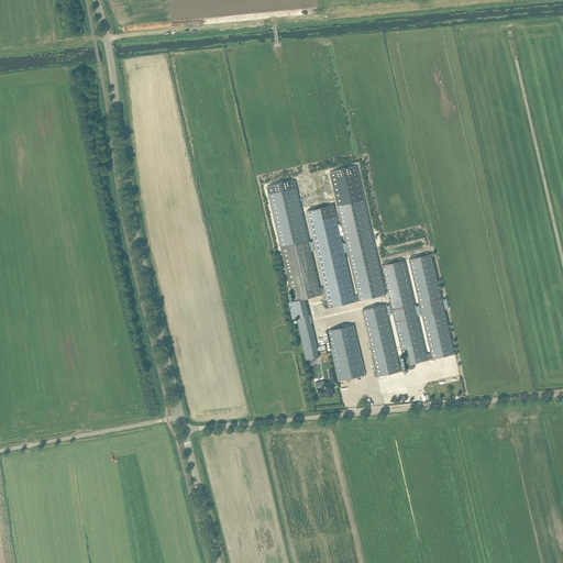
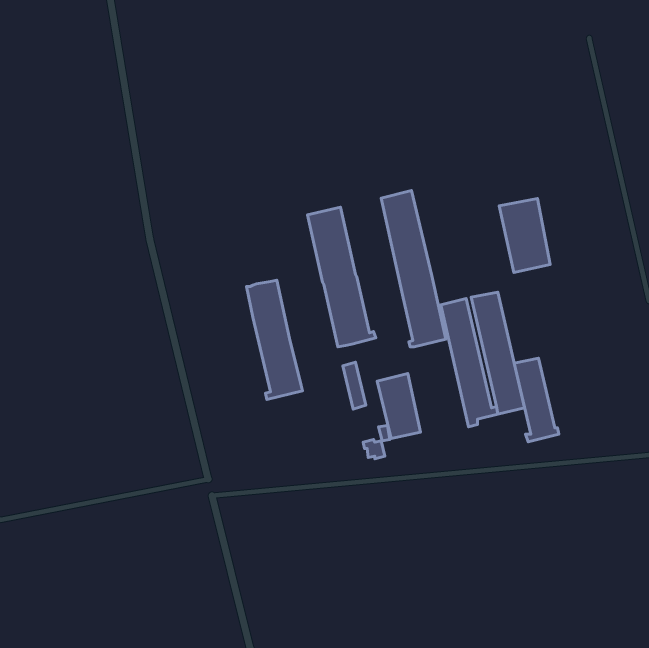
building: none -> [499,198,550,273]
building: [307,205,355,308] -> [246,280,302,400]
building: [363,303,401,376] -> [514,358,559,442]

